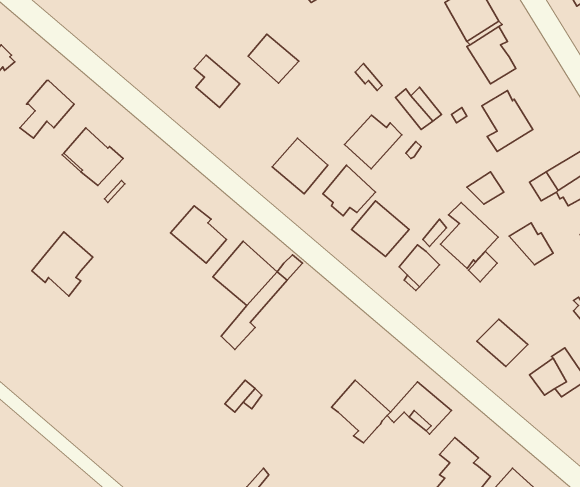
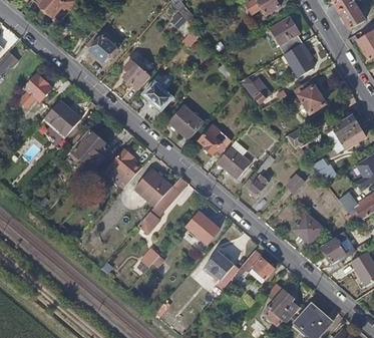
building: none -> [85,30,119,60]
building: [248,34,299,83] -> [142,80,172,109]
building: [345,115,402,169] -> none
building: [441,203,498,268] -> none
building: [32,232,93,296] -> [71,130,107,168]
building: none -> [189,213,220,243]

